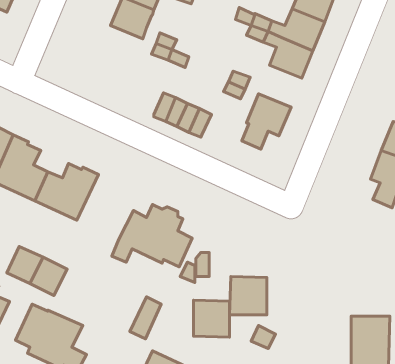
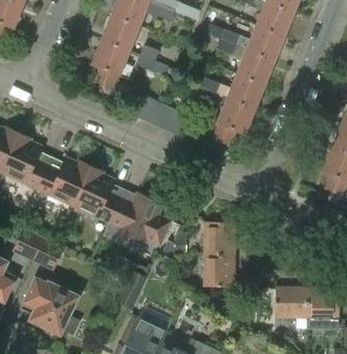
building: none -> [91,40,129,89]
building: none -> [228,74,265,110]
building: none -> [73,167,121,223]
building: [193,300,230,337] -> [204,224,235,255]
building: none -> [276,288,307,318]

